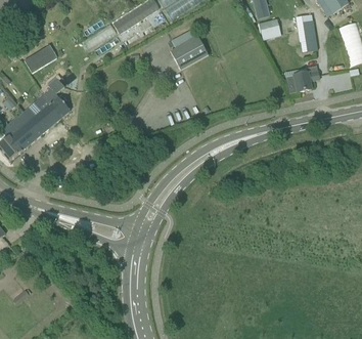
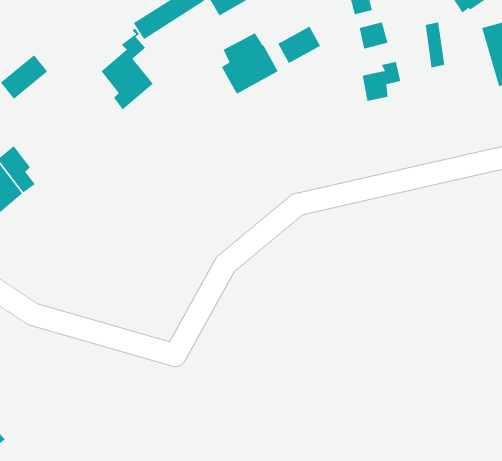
building: none -> [277,25,321,64]
building: [293,65,319,91] -> [362,61,401,102]
building: [35,73,70,127] -> [101,27,154,110]

